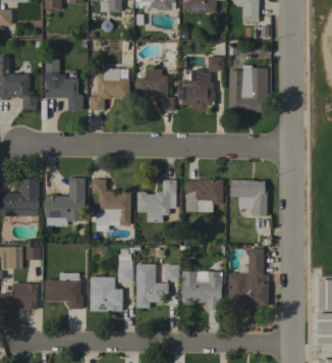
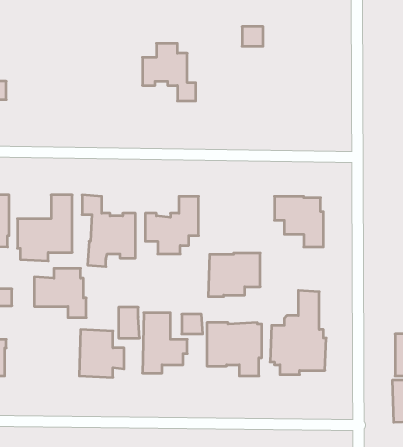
building: [229,67,267,112] -> none
building: [91,68,129,110] -> none
building: [45,69,82,110] -> none
building: [181,69,215,111] -> none
building: [185,179,223,211] -> [208,253,260,297]
building: [45,273,82,309] -> [34,268,86,318]

